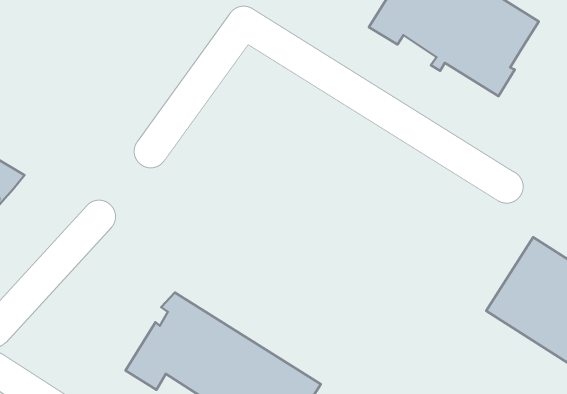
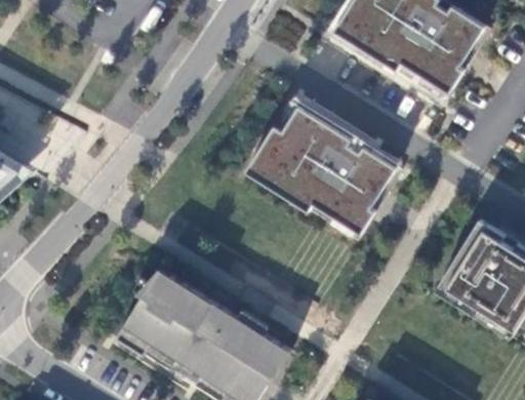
building: none -> [245,108,397,236]

